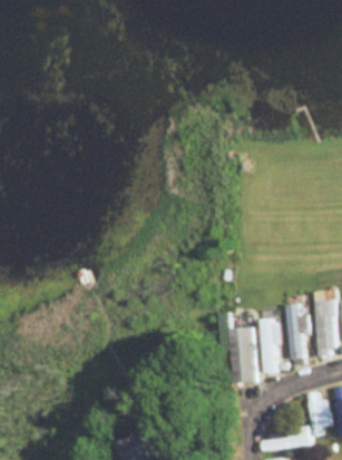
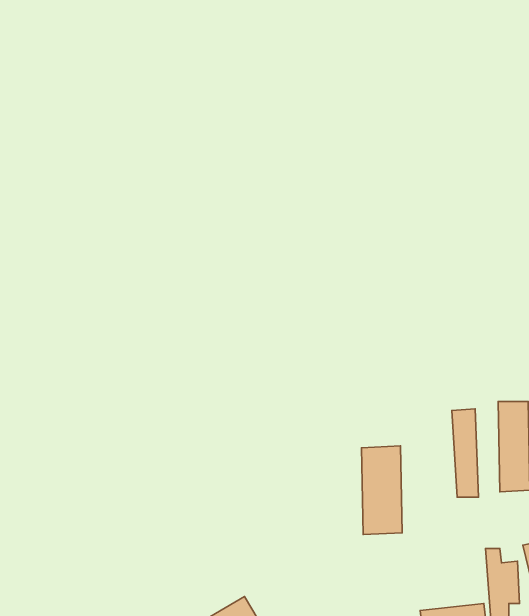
building: [262,319,280,373] -> none

